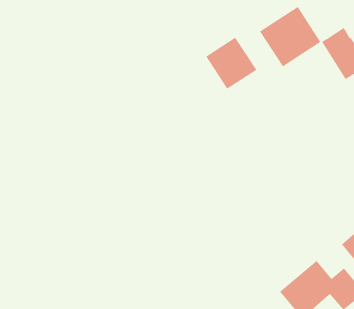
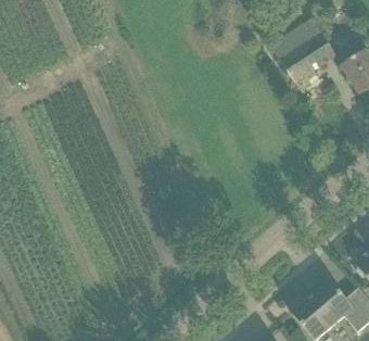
building: [205,37,257,90] -> none

